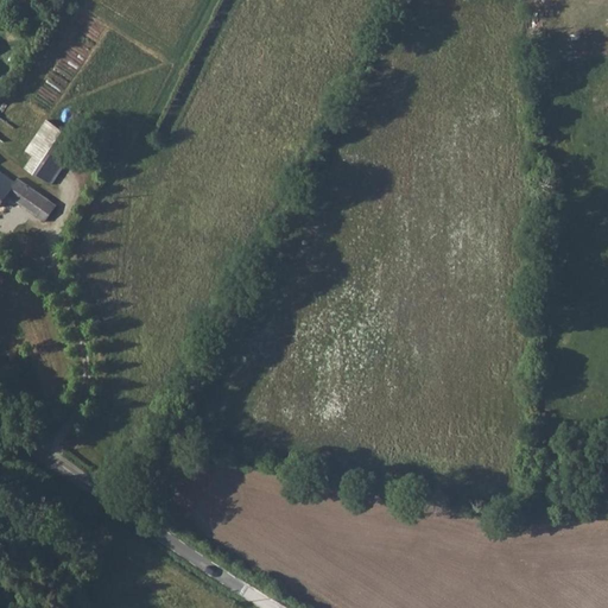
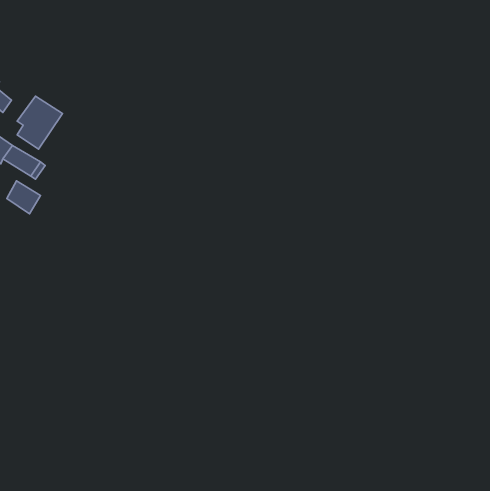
building: none -> [7,181,40,214]

